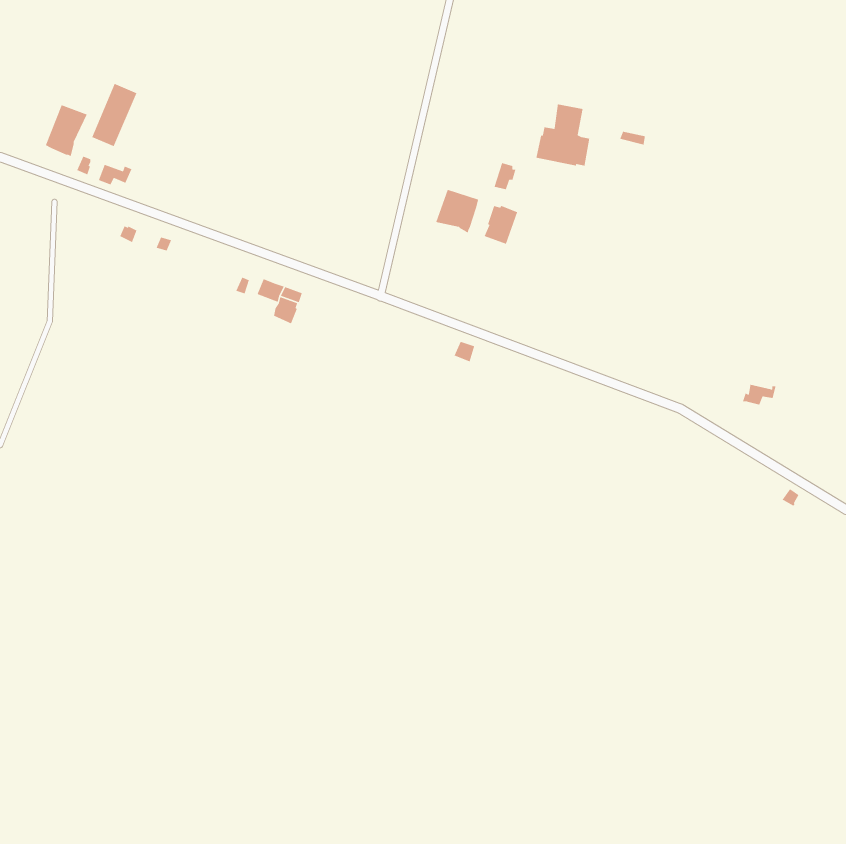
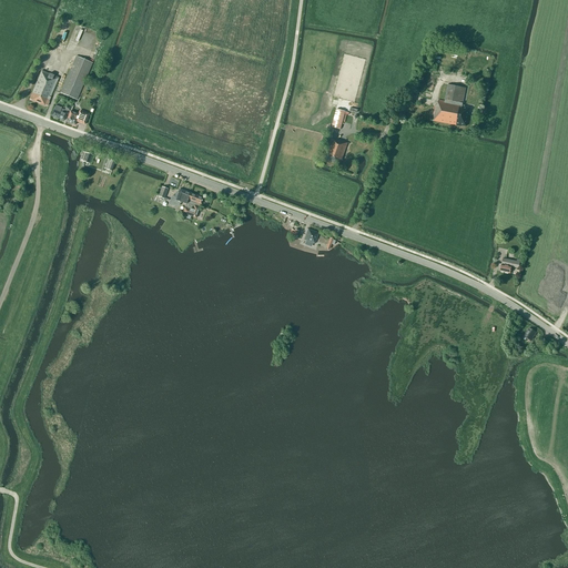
building: [536,103,590,166] -> [433,83,469,125]
building: [435,189,479,234] -> none

